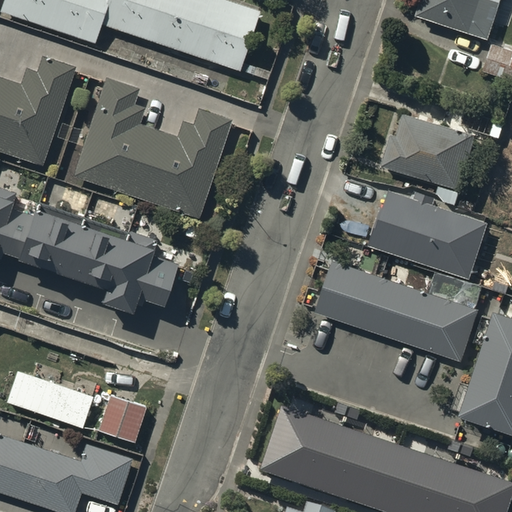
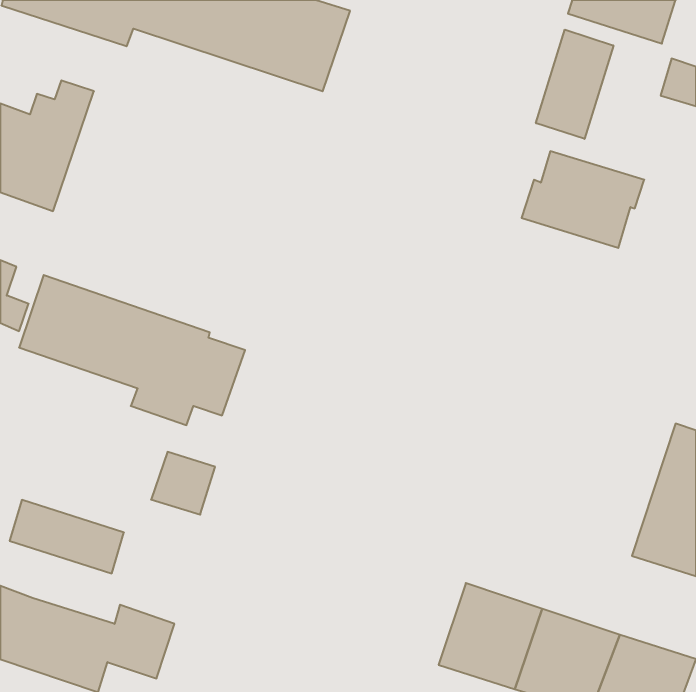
building: none -> [536,30,613,139]
building: [79,83,224,211] -> none
building: [372,191,486,275] -> none
building: [318,262,476,357] -> none
building: [97,397,144,443] -> [151,452,215,515]
building: [262,411,342,491] -> none

